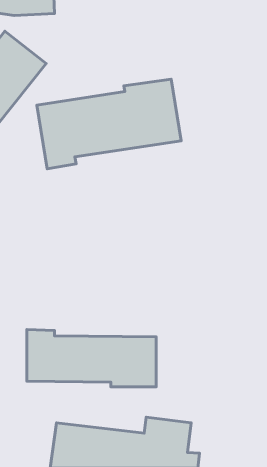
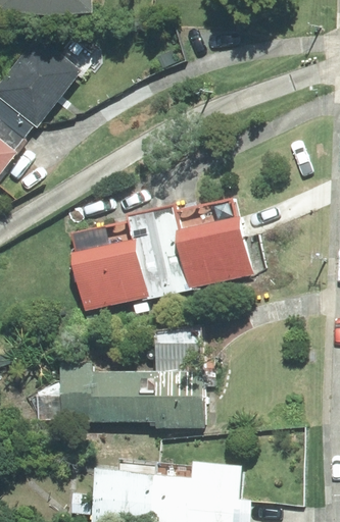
building: [37,79,181,169] -> none
building: none -> [71,203,253,310]

